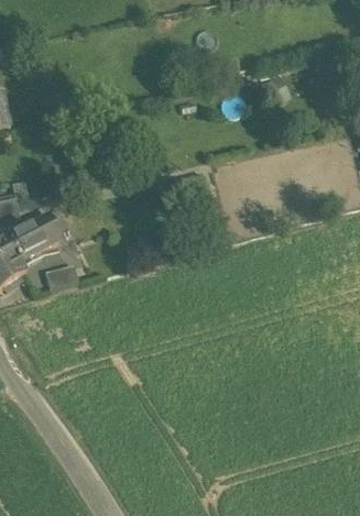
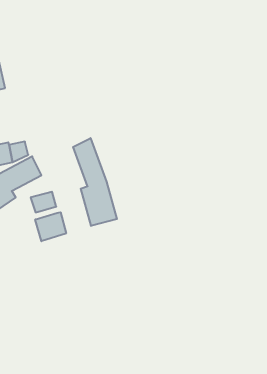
building: none -> [73,138,117,226]
building: none -> [35,212,66,241]

